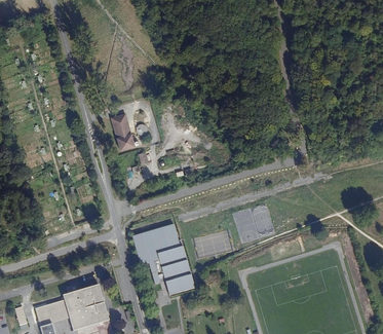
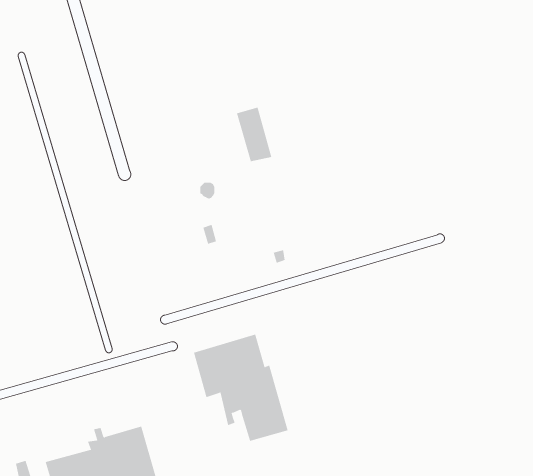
building: [111,113,135,149] -> [236,107,272,162]

